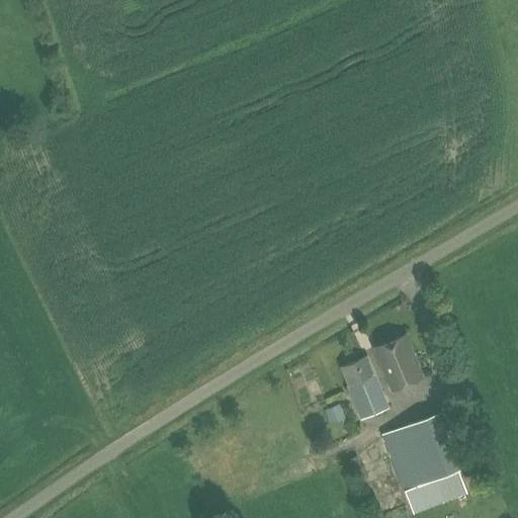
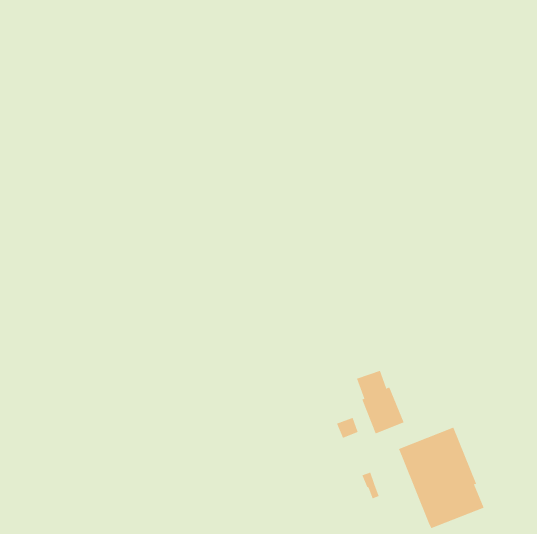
building: [374,336,421,390] -> none

